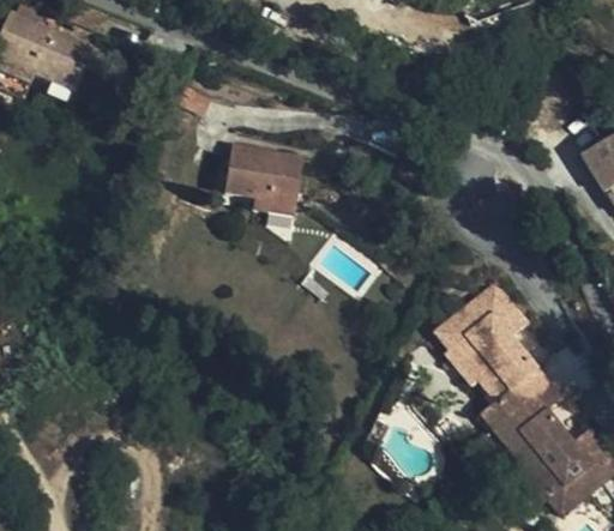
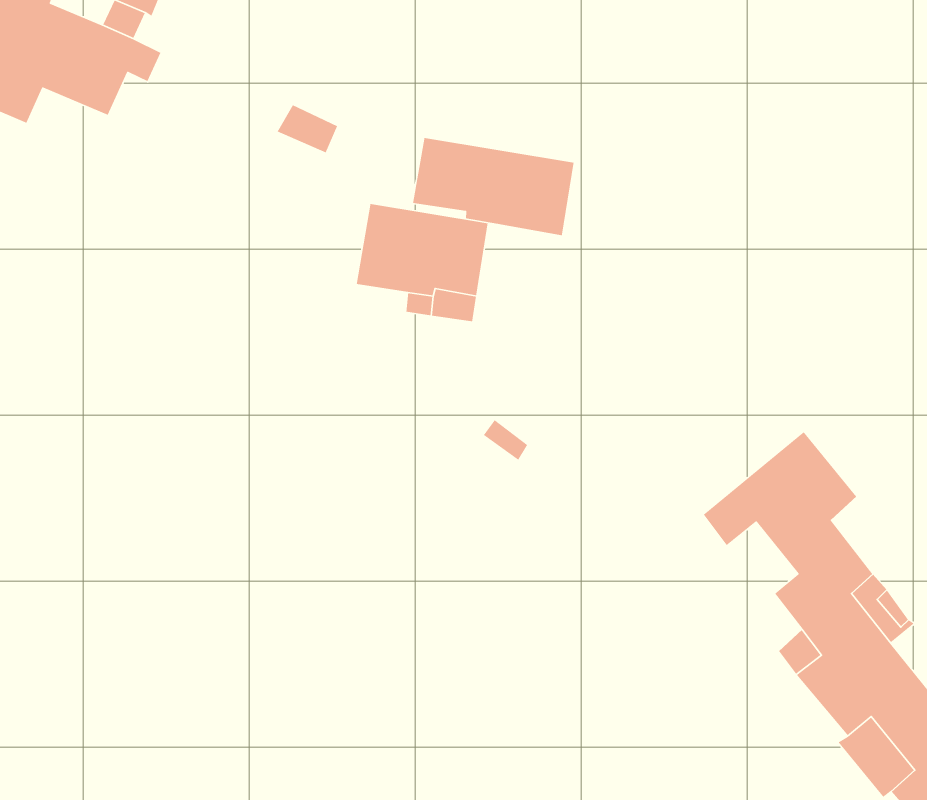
building: none -> [412,137,575,236]
building: [445,336,492,385] -> none

